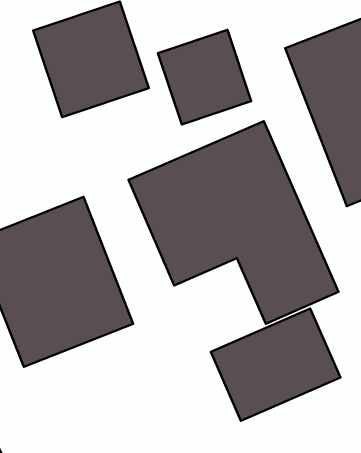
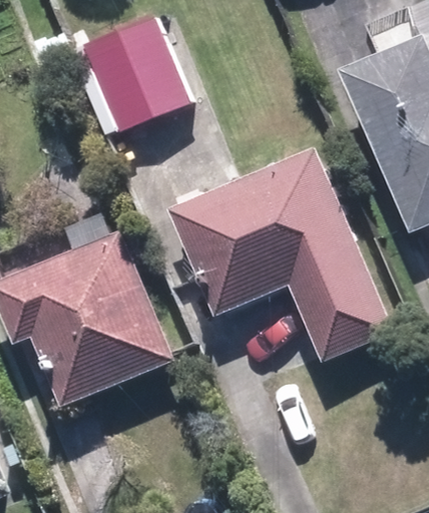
building: [158,30,251,124] -> none
building: [211,308,340,421] -> none

